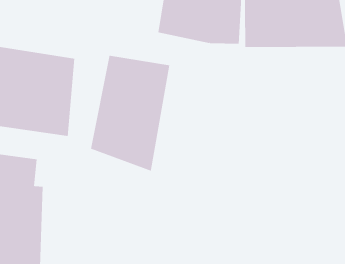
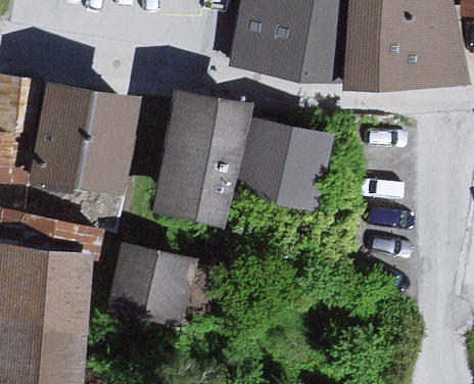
building: none -> [237,119,329,224]
building: none -> [102,242,201,338]

